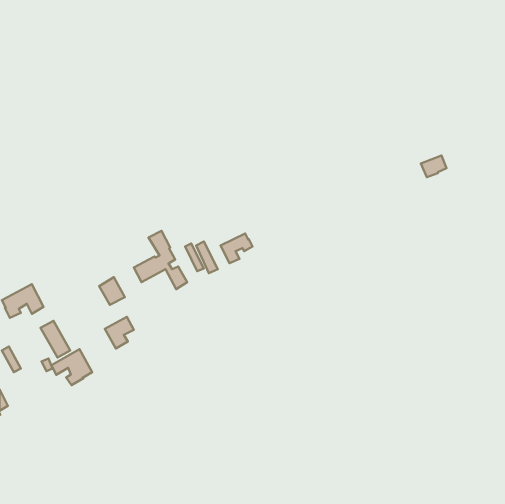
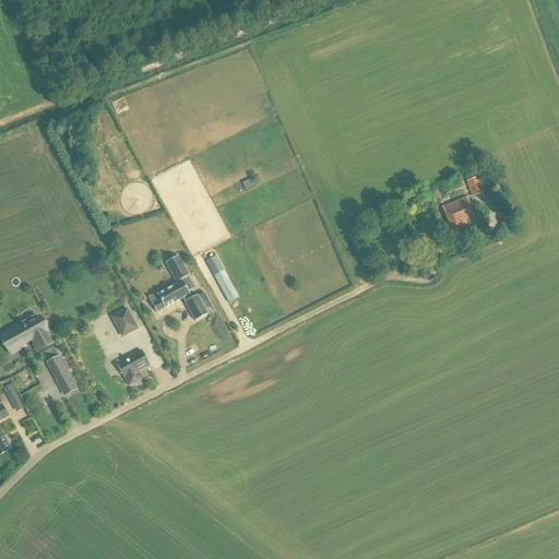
building: none -> [441,195,475,230]
building: [221,234,253,263] -> none
building: [52,349,92,385] -> none

